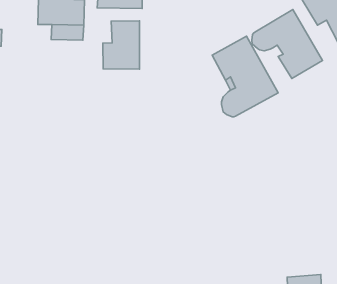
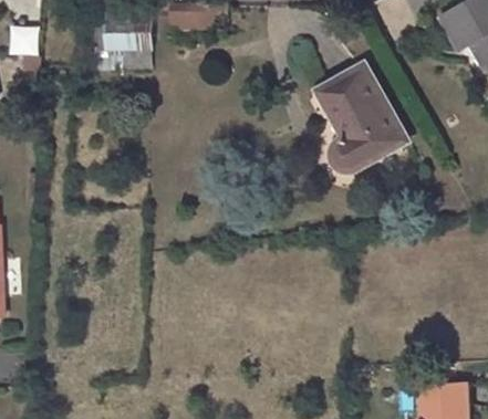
building: [252,10,323,78] -> none
building: [103,21,139,69] -> none

